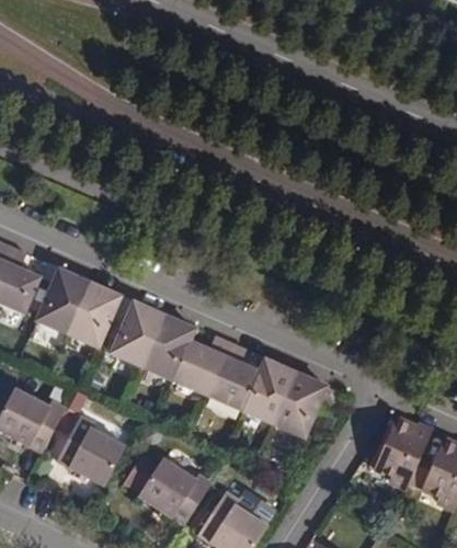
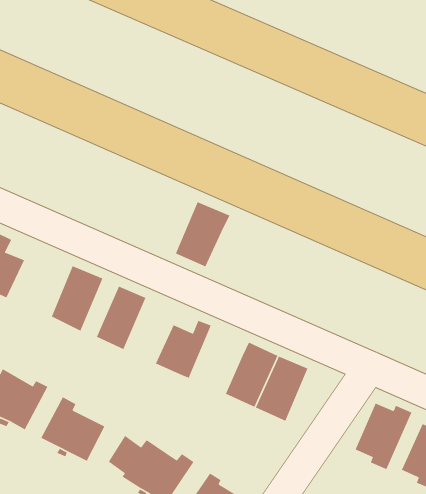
building: [34,266,87,332] -> none
building: [139,312,196,380] -> [175,201,231,268]
building: [206,341,260,411] -> none

